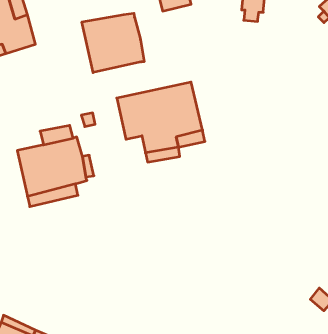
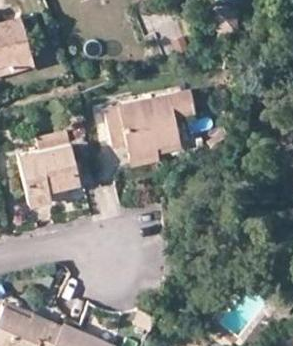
building: [82,13,144,73] -> none

